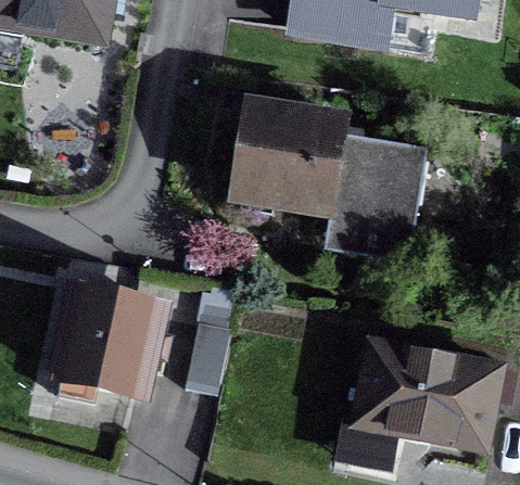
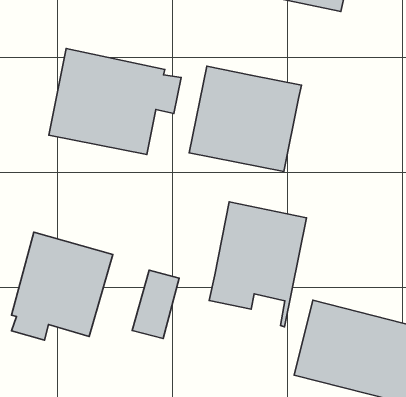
building: none -> [49,49,181,154]
building: [327,138,423,265] -> [209,202,306,327]

